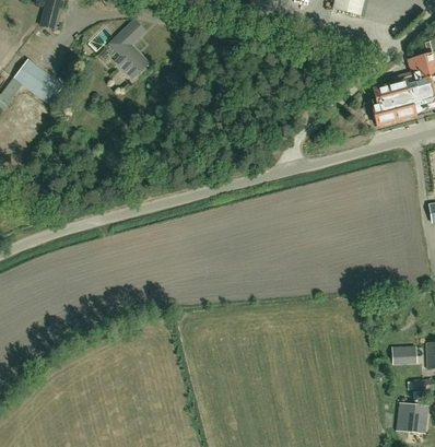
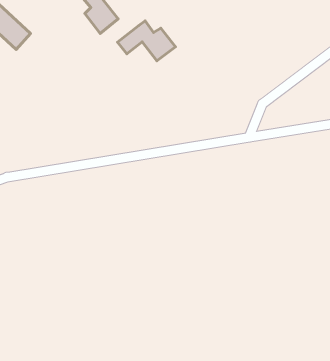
building: none -> [117,21,176,61]

